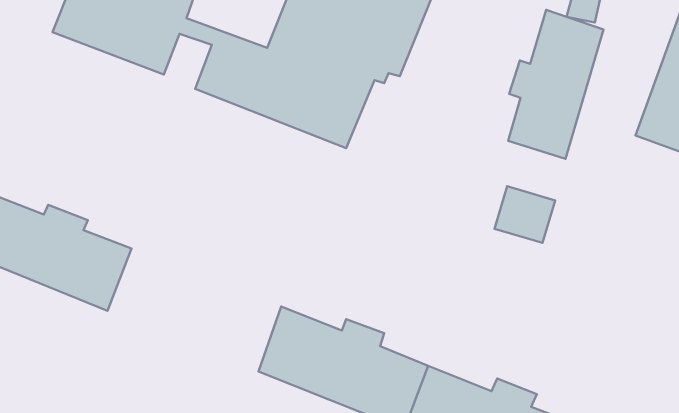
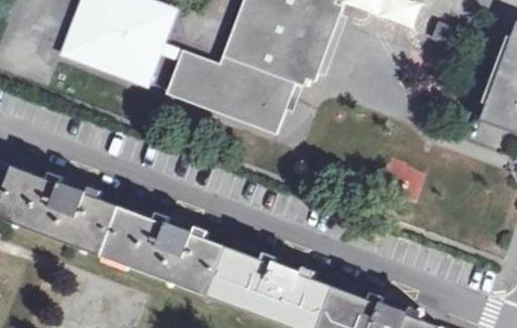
building: [508,10,604,159] -> none
building: none -> [103,205,227,293]

